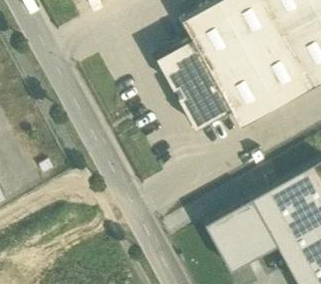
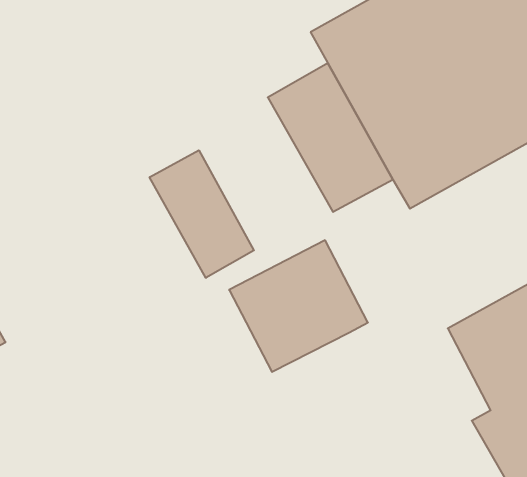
building: none -> [150,150,254,278]
building: [207,196,288,273] -> [229,240,368,372]

